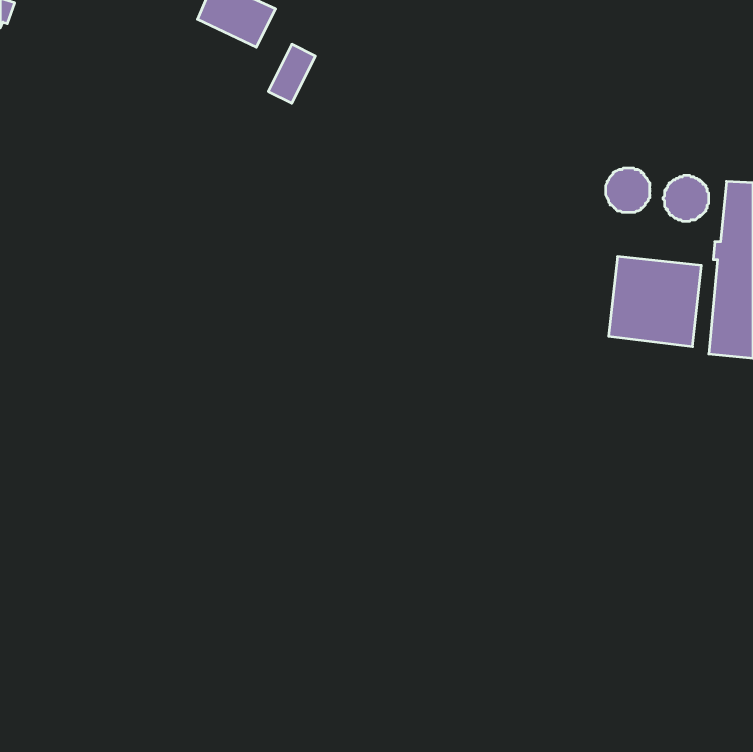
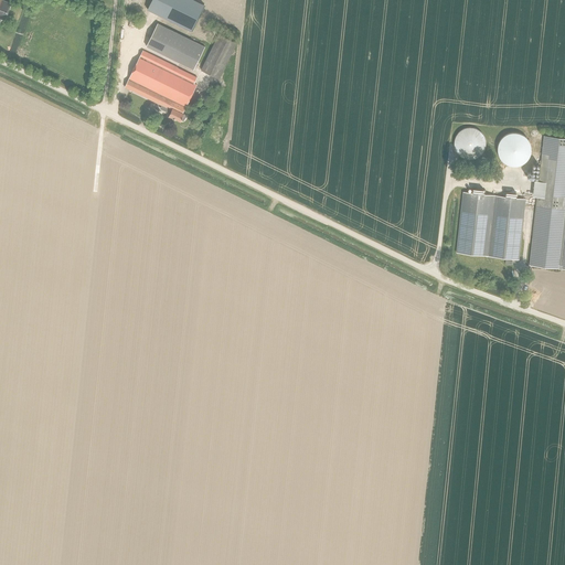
building: none -> [146,22,205,68]
building: none -> [125,50,198,120]

